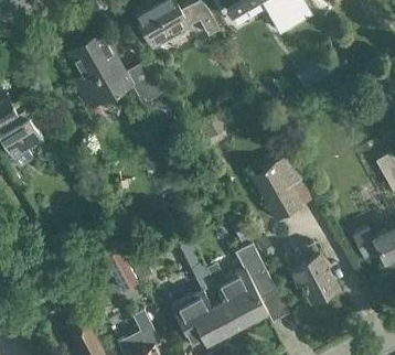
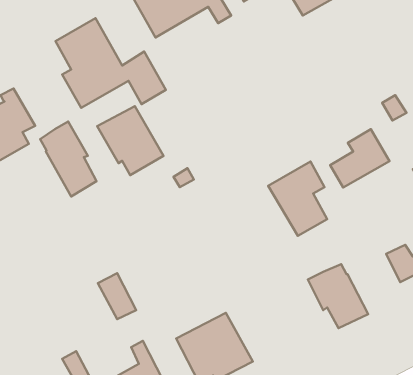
building: none -> [97,106,163,175]
building: none -> [40,121,96,196]
building: none -> [330,129,389,187]
building: [203,245,278,329] -> none

